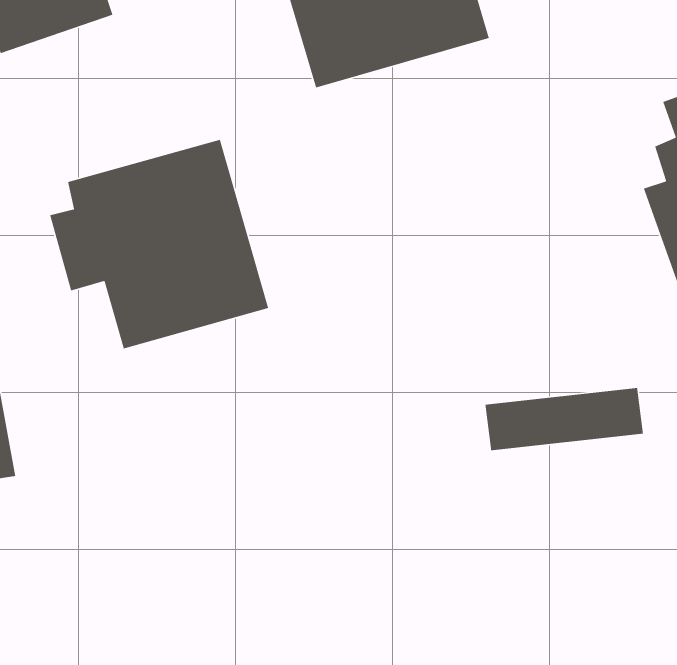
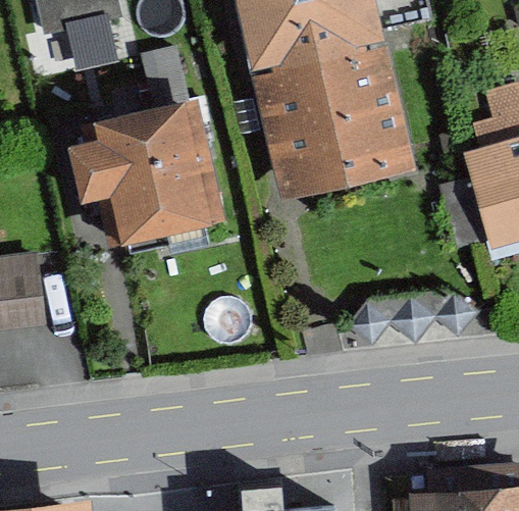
building: none -> [257,53,401,194]

